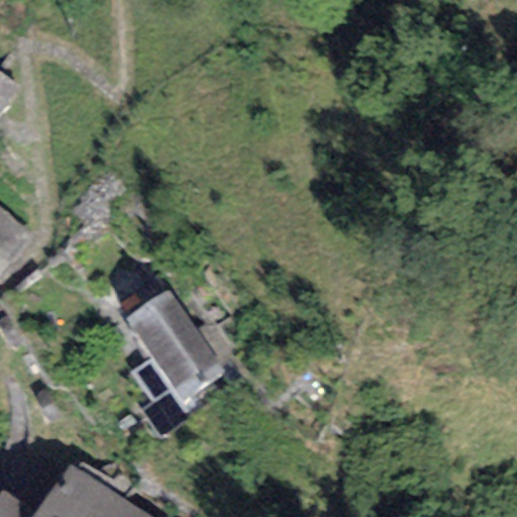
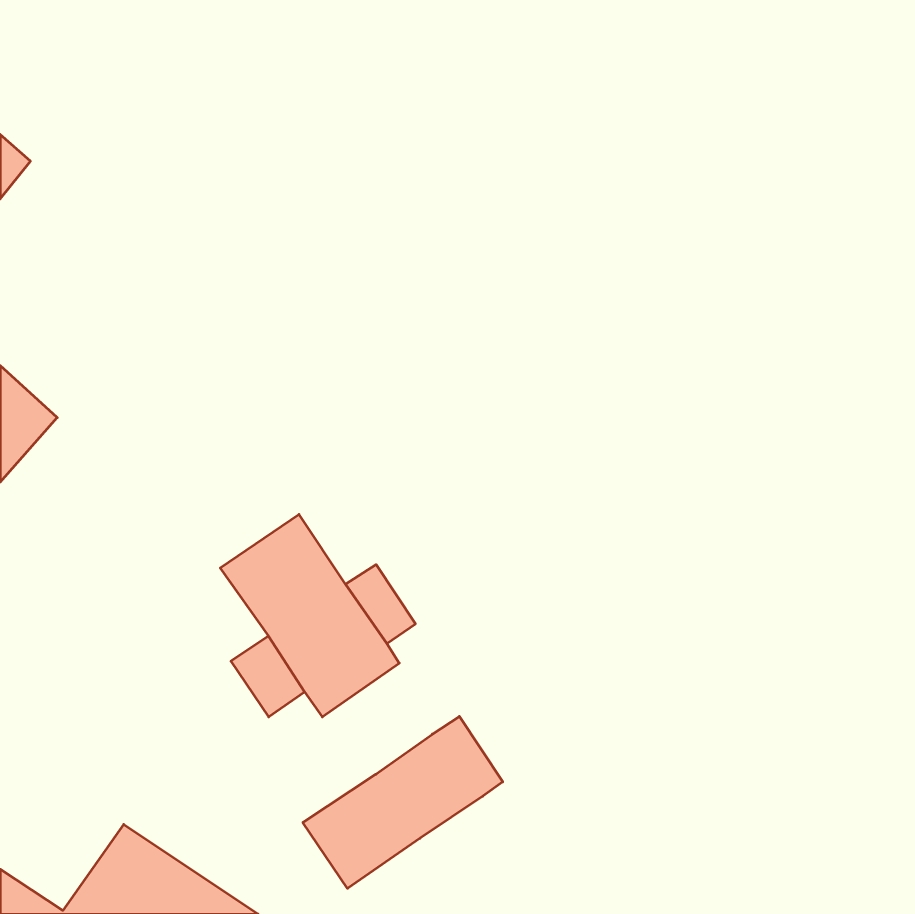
building: none -> [303,716,503,888]

